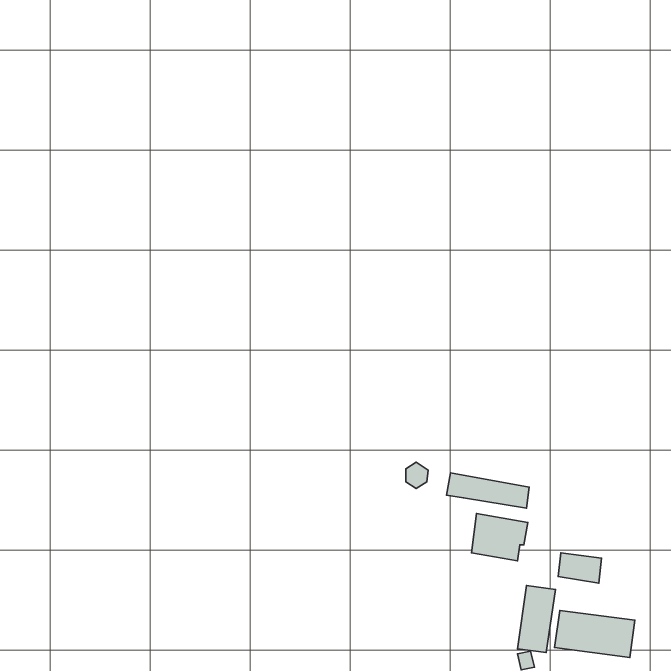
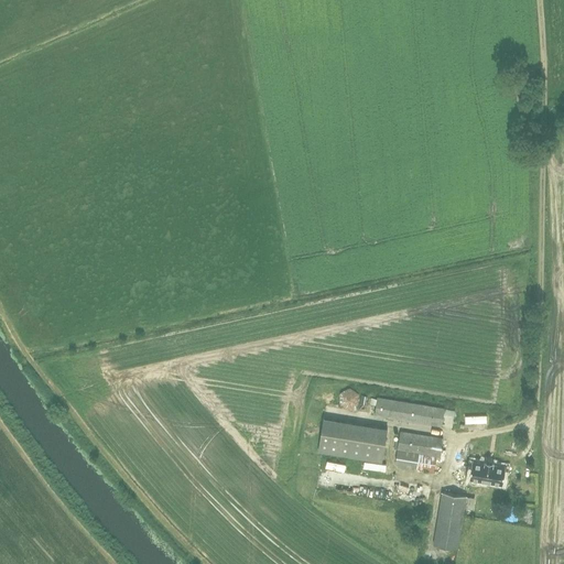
building: none -> [318,425,383,454]
building: [555,610,635,657] -> none

